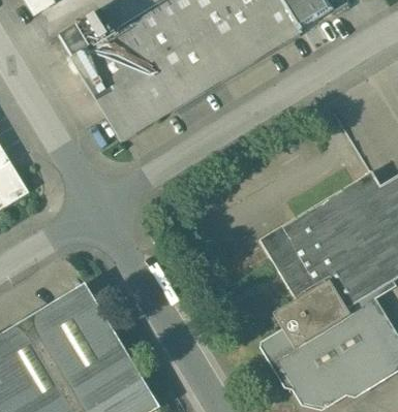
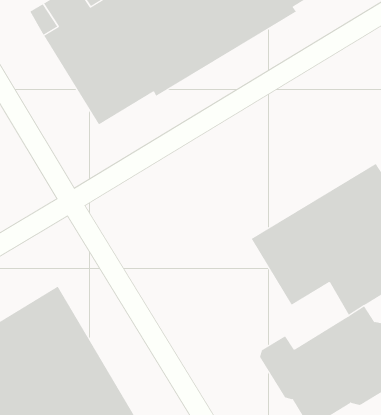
building: [278,280,345,340] -> none

